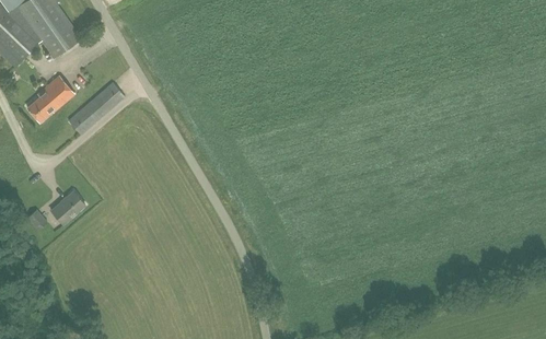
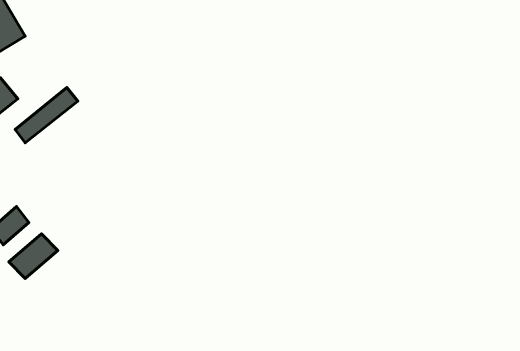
building: none -> [9,234,58,279]

